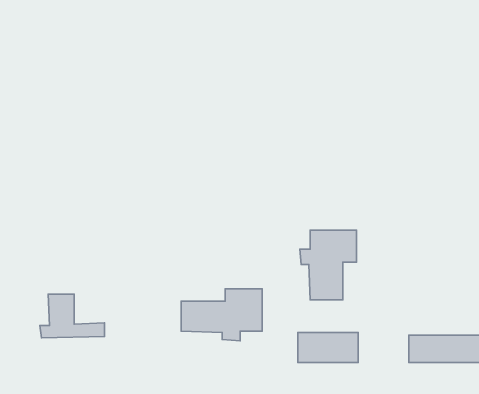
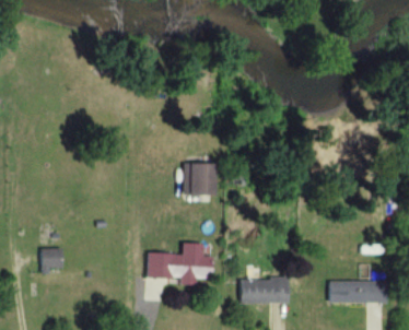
building: none -> [186,164,217,195]
building: [300,230,356,300] -> none

